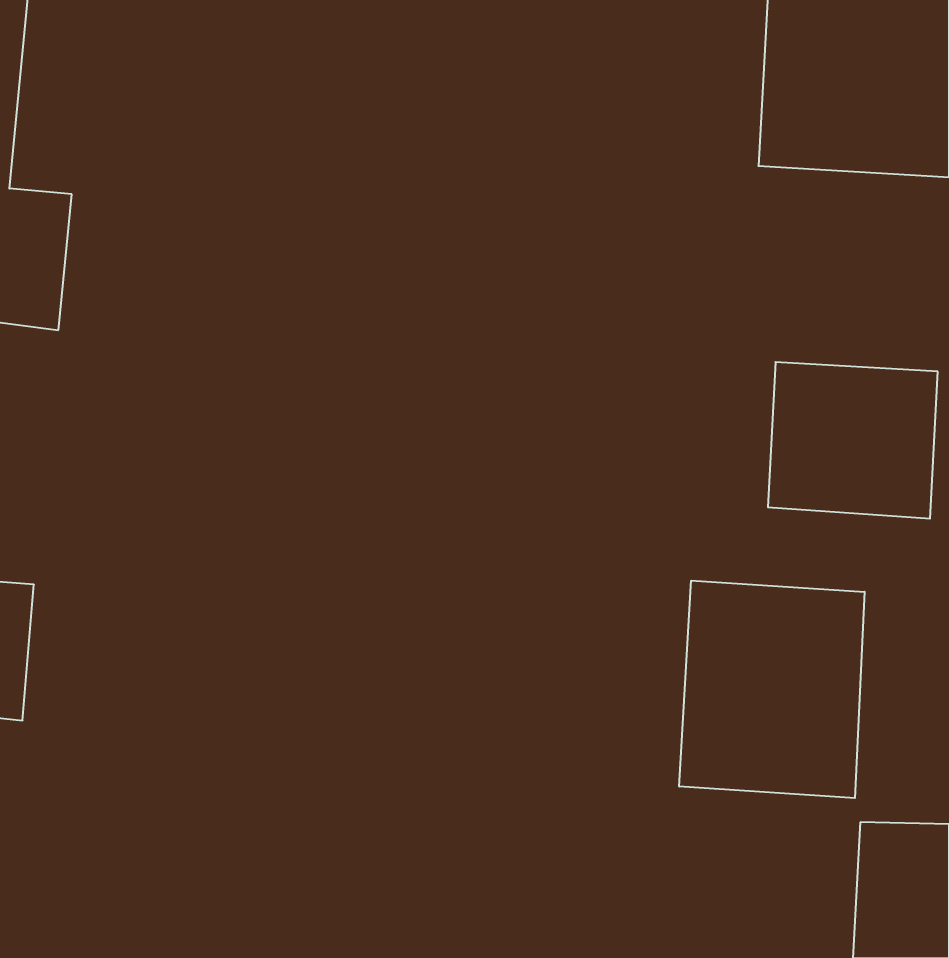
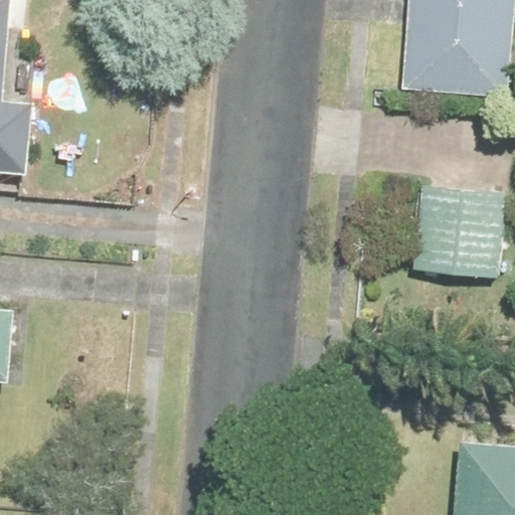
building: [679,581,865,798] -> none

